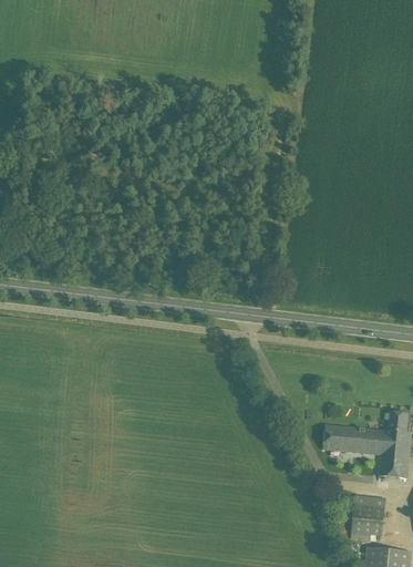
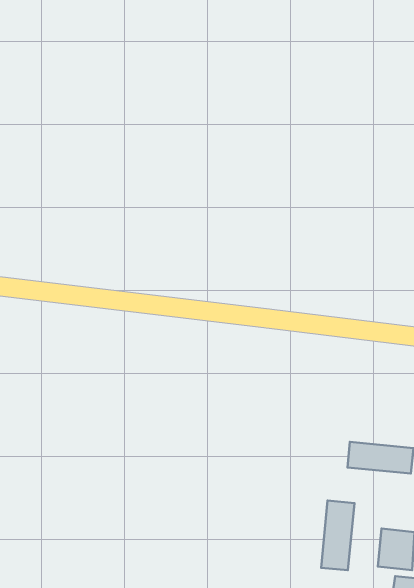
building: none -> [321,500,354,570]

